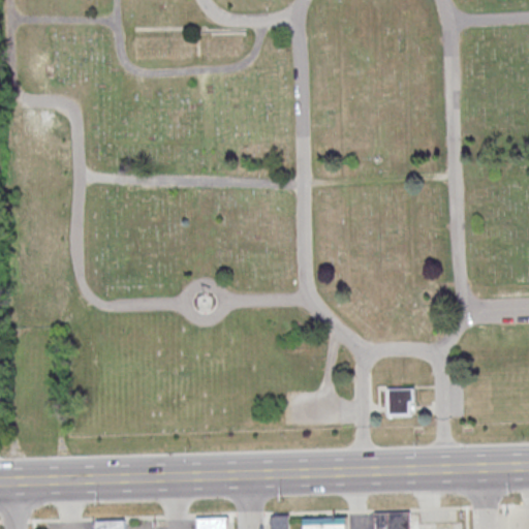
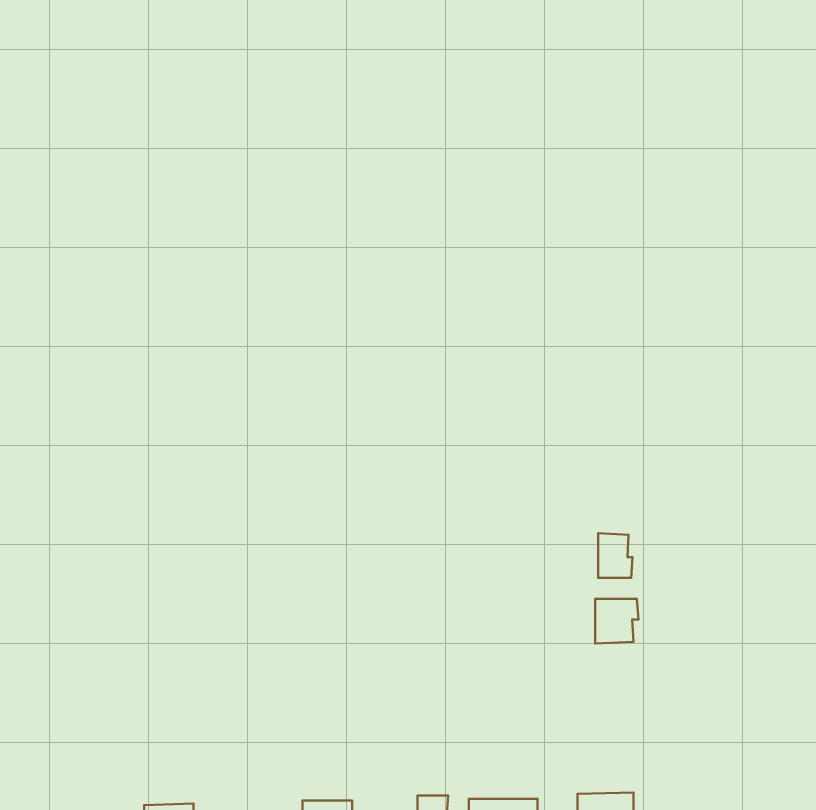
building: none -> [598,533,632,578]

